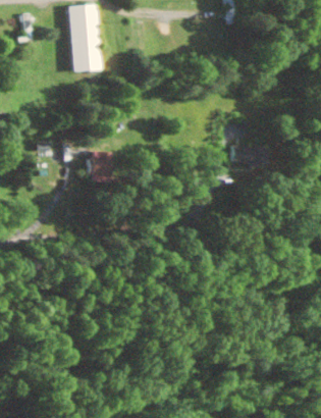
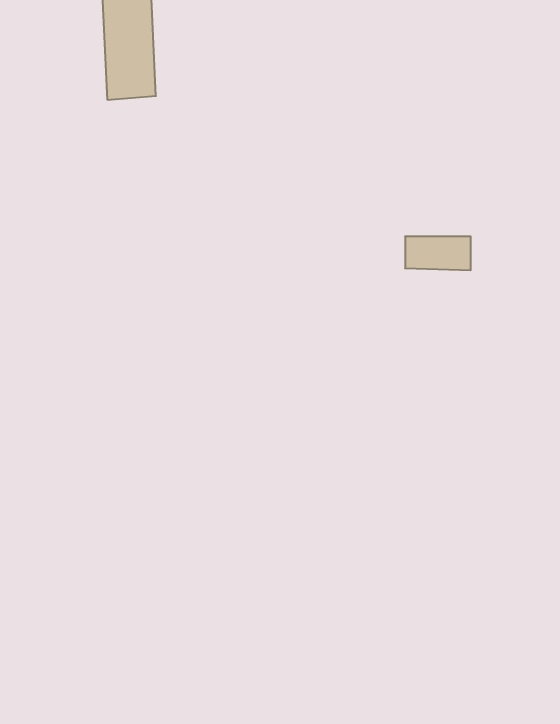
building: [92,151,112,184] -> none

